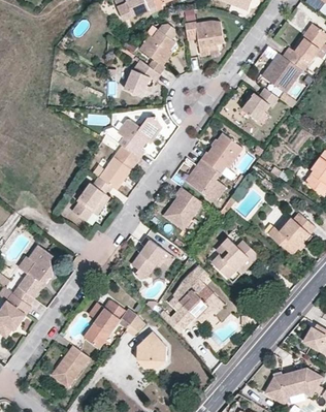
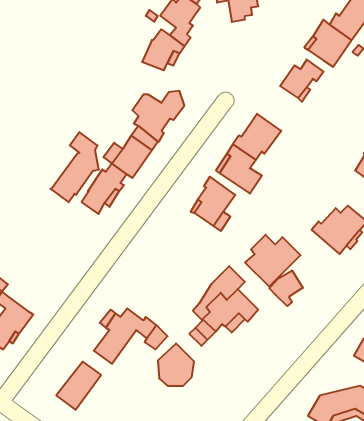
building: [133,239,166,279] -> none
building: [12,244,54,304] -> [50,132,99,202]
building: none -> [269,270,303,306]

